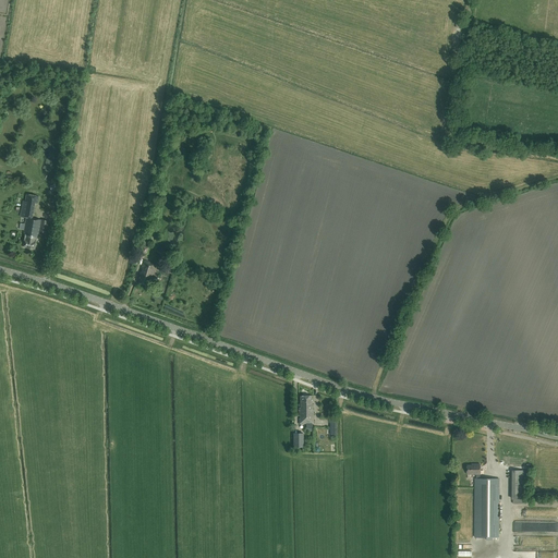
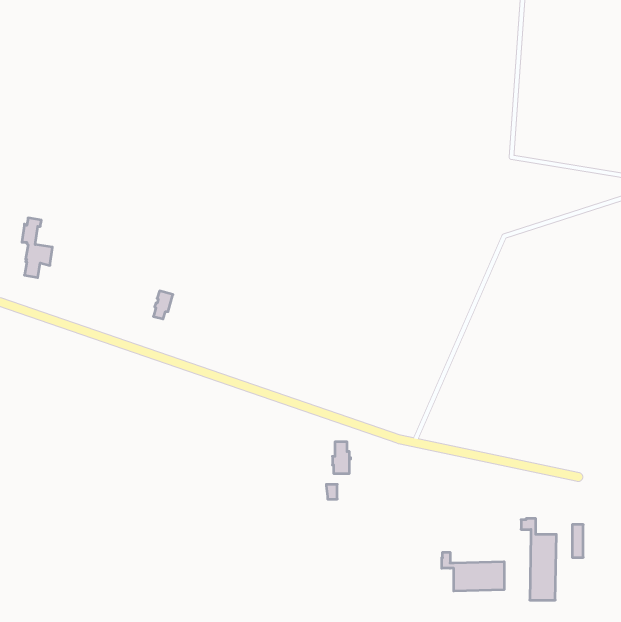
building: none -> [442,552,504,591]

